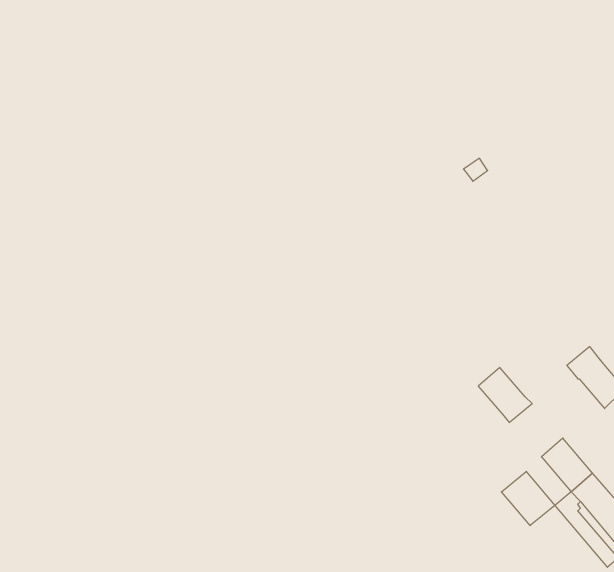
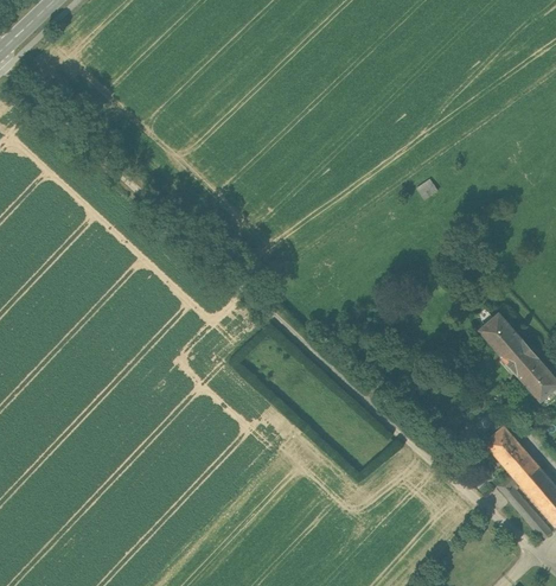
building: [478,367,532,422] -> [480,313,528,362]
building: [501,471,555,526] -> none

